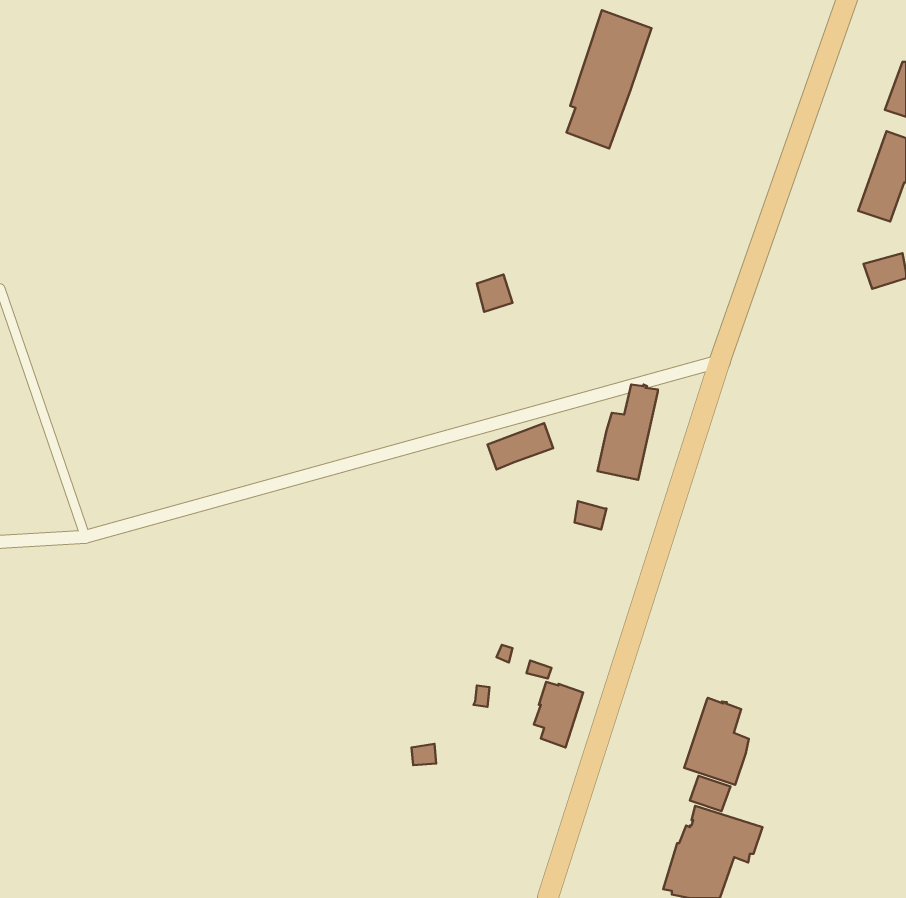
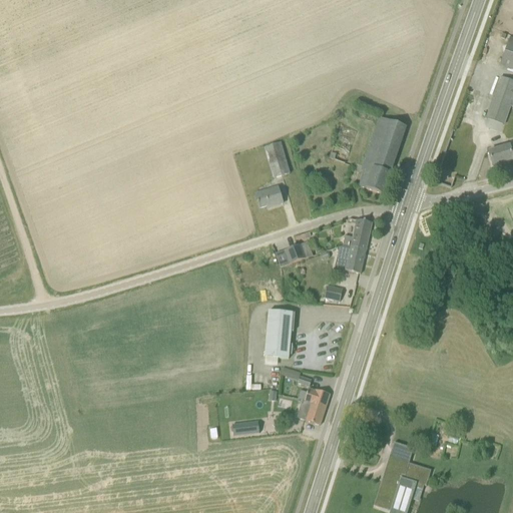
building: [567,10,652,148] -> [359,114,407,192]
building: none -> [255,185,283,206]
building: none -> [265,309,295,357]
building: [684,698,749,785] -> none

